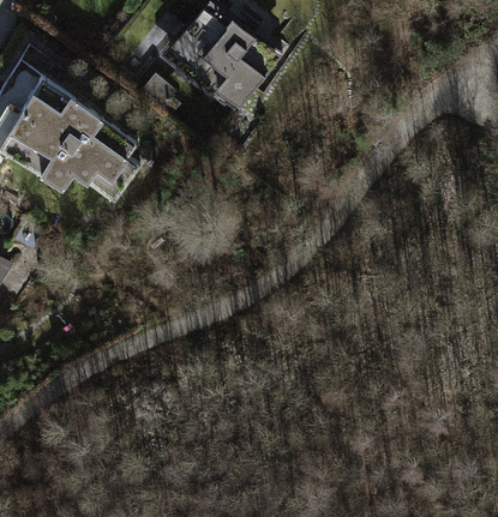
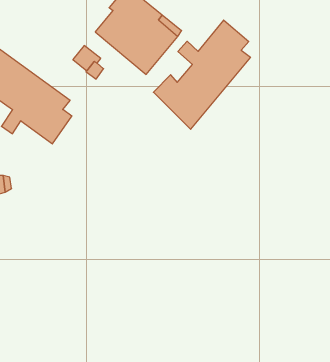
building: none -> [153,20,250,129]

